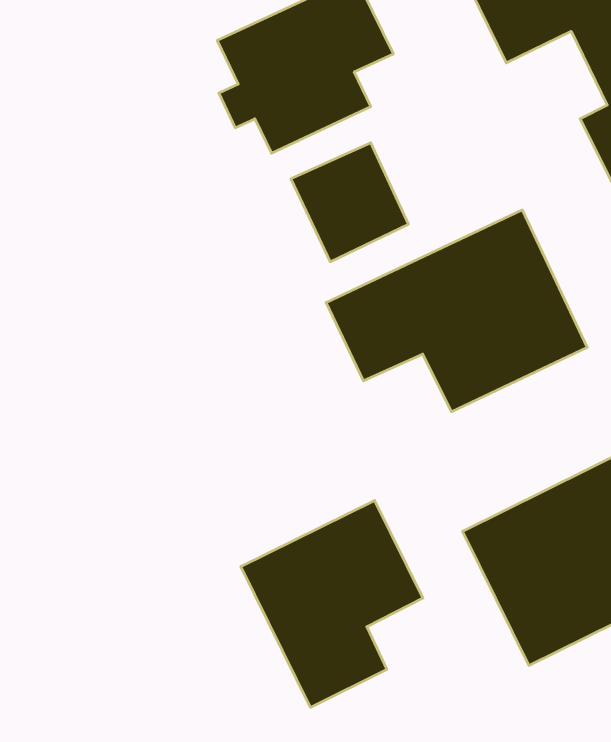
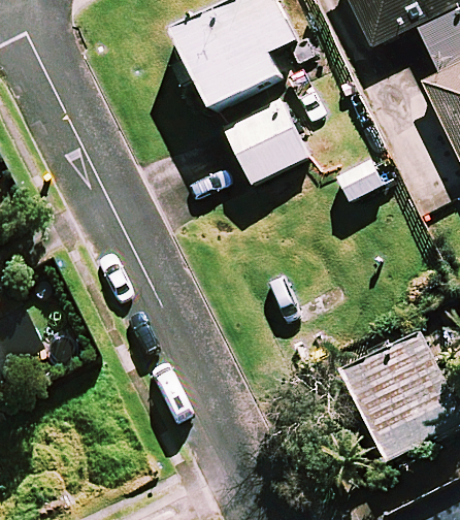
building: [326,210,587,412] -> none
building: [241,500,423,707] -> none

